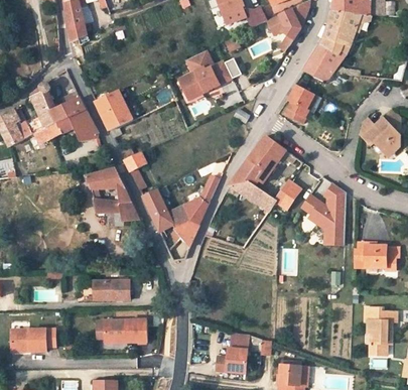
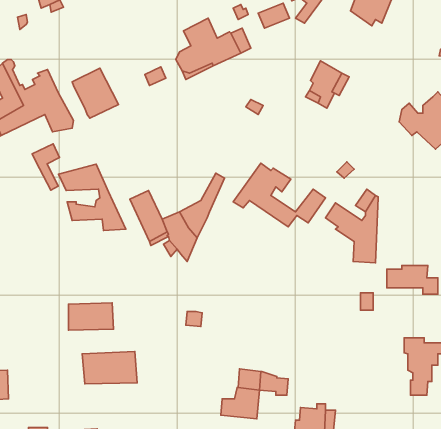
building: [302,43,346,81] -> none
building: [248,142,296,179] -> none
building: [124,152,146,189] -> [32,144,60,190]

